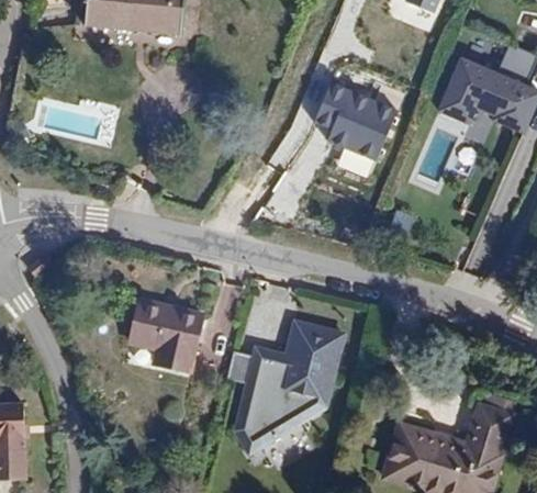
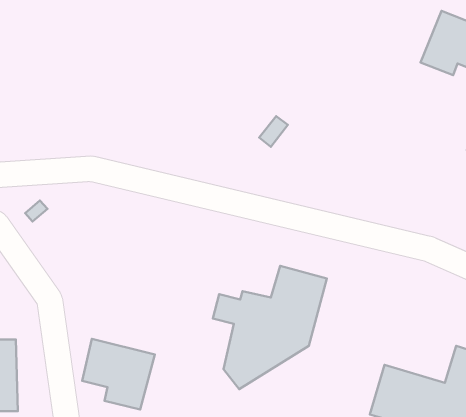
building: [315,81,396,159] -> none
building: [127,298,203,371] -> [82,339,155,409]

